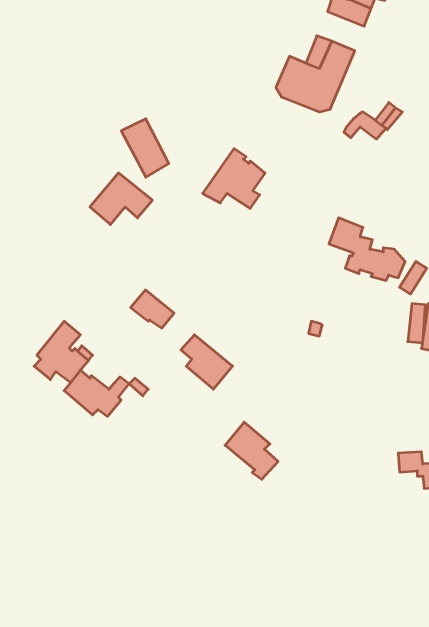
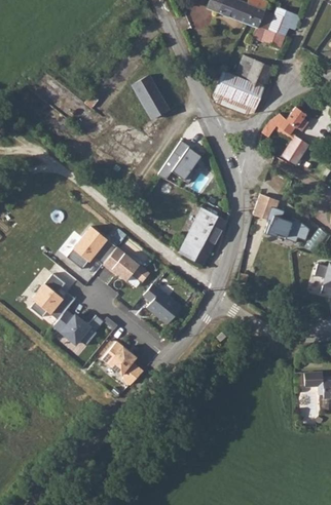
building: [121,119,169,177] -> [131,75,167,119]
building: none -> [283,137,309,165]
building: [90,173,152,225] -> [68,228,115,267]
building: none -> [181,208,227,266]
building: [225,422,278,479] -> [102,340,142,383]

